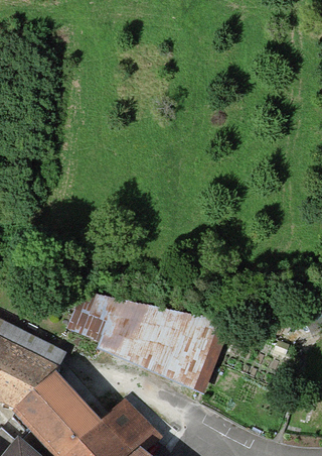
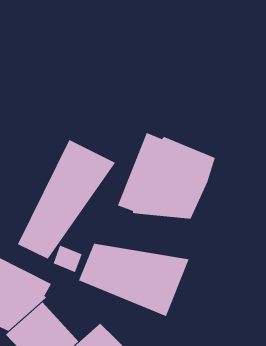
building: none -> [117,132,215,220]
building: none -> [17,139,116,259]

